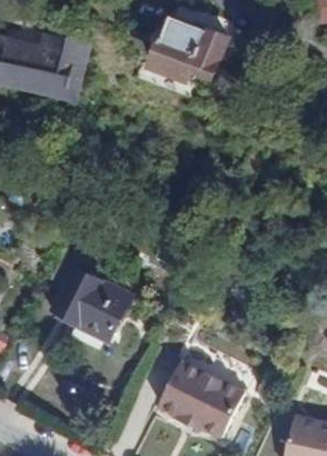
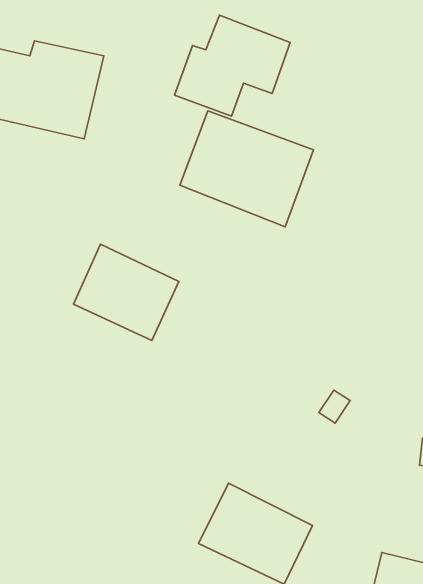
building: none -> [180,111,313,227]
building: [52,268,130,339] -> [74,244,179,340]

